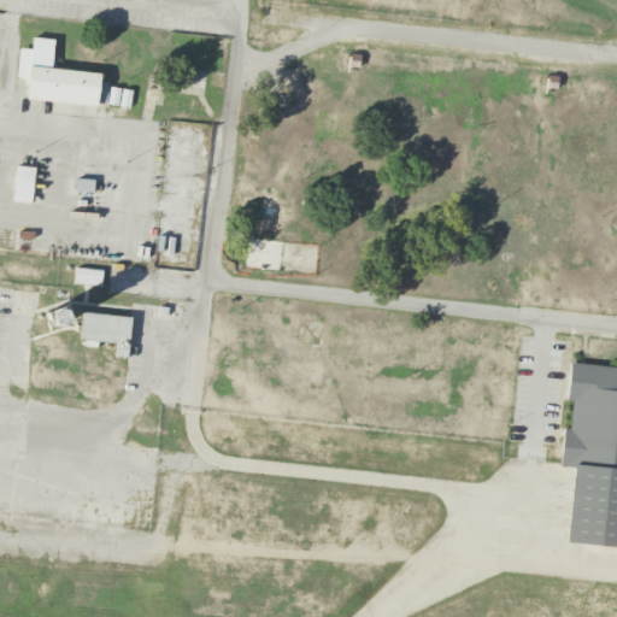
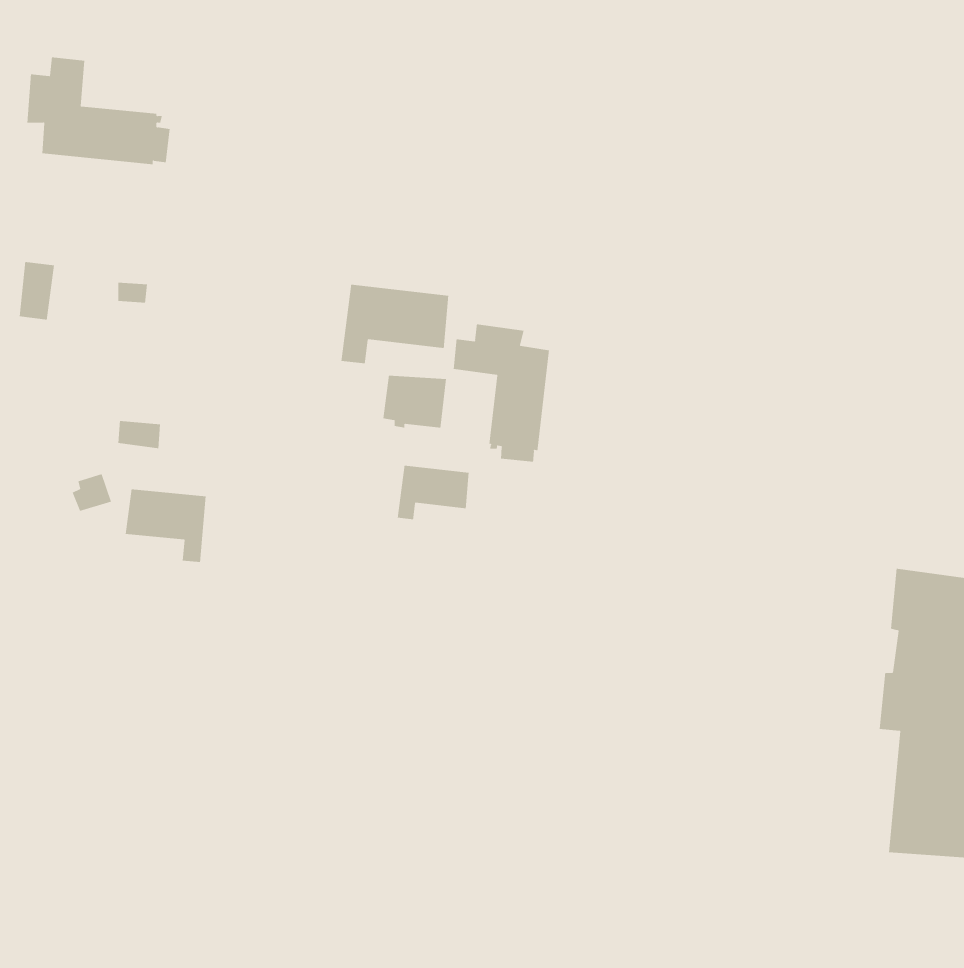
building: none -> [341,284,449,364]
building: none -> [453,324,550,463]
building: none -> [397,465,469,520]

